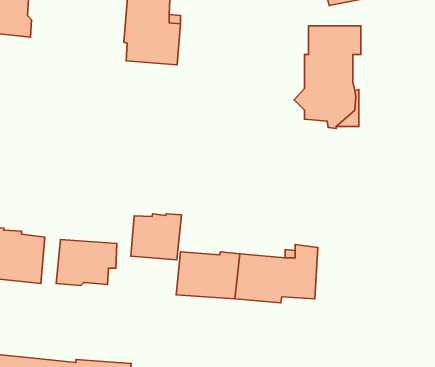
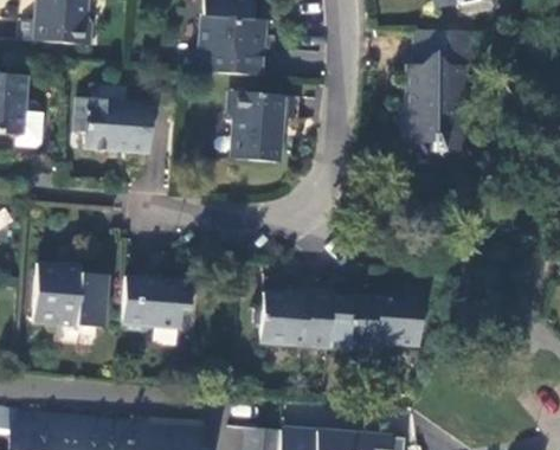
building: none -> [227,90,296,162]
building: none -> [77,98,150,153]
building: [131,214,182,260] -> none

